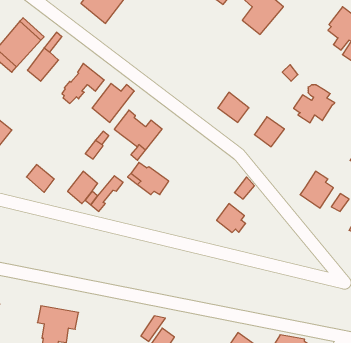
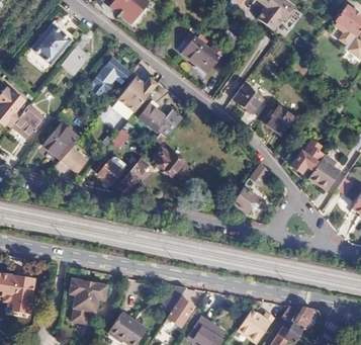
building: none -> [182,34,218,75]
building: [294,85,335,123] -> [287,139,325,173]
building: none -> [41,128,75,162]

